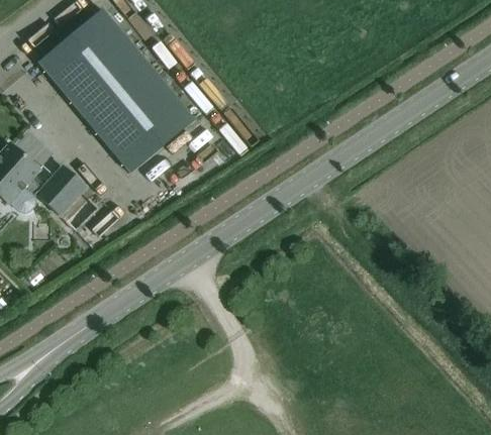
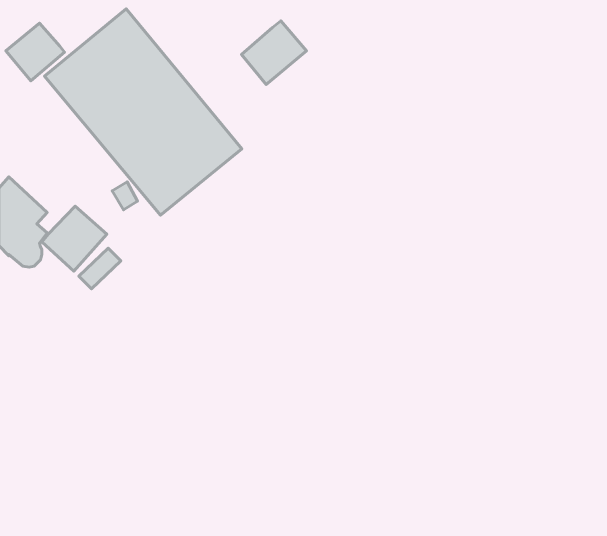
building: none -> [242,21,307,85]
building: none -> [6,23,65,81]

